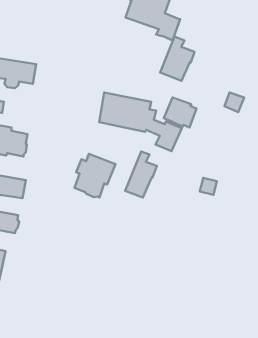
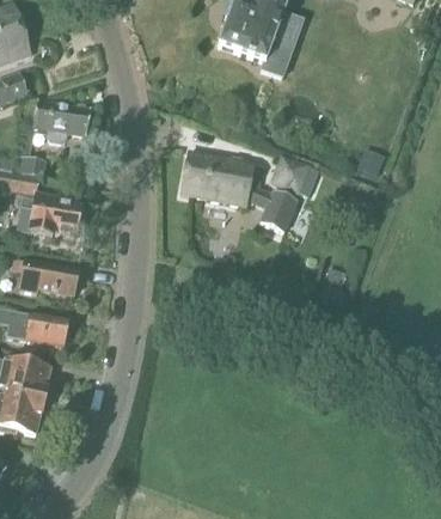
building: [160,36,195,81] -> none
building: [125,151,157,198] -> none
building: [75,154,115,198] -> none

